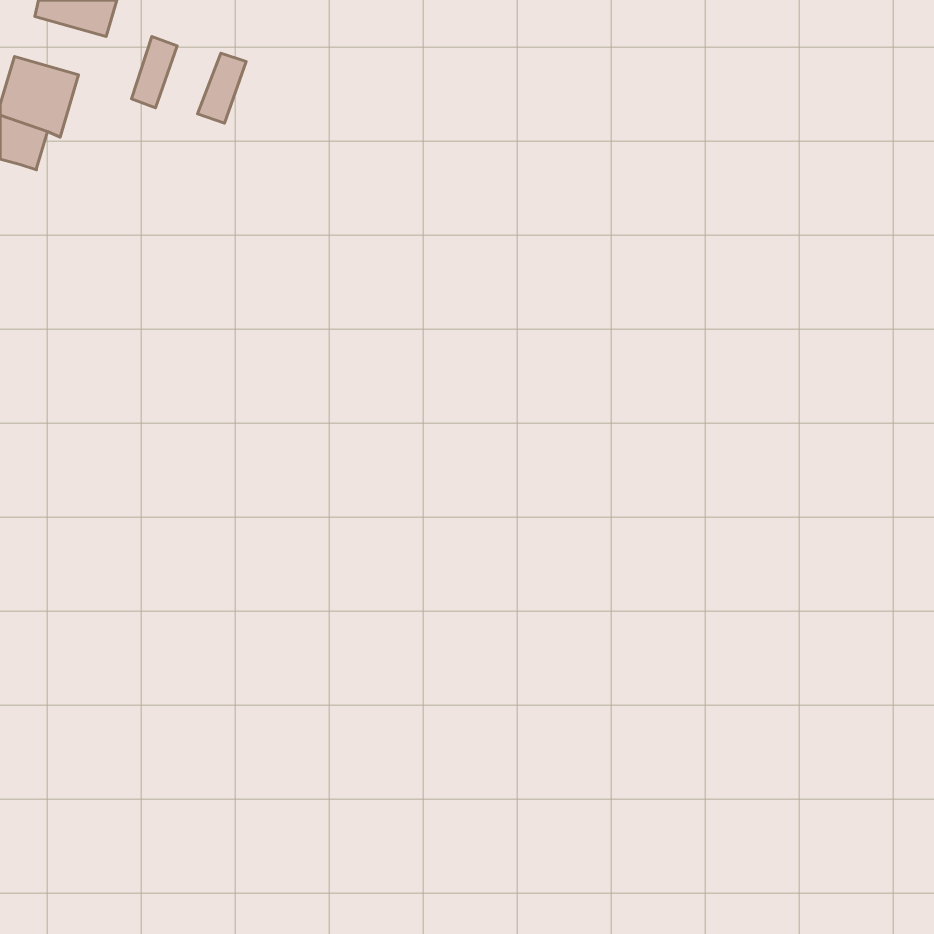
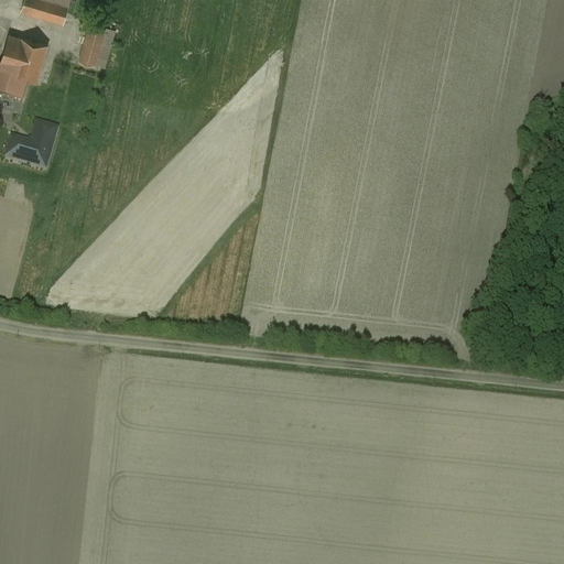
building: [197,53,246,123] -> none
building: none -> [14,123,56,165]

